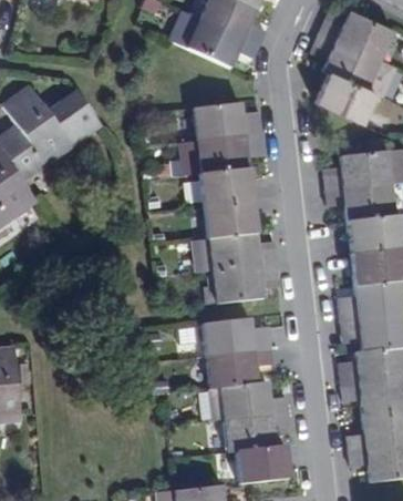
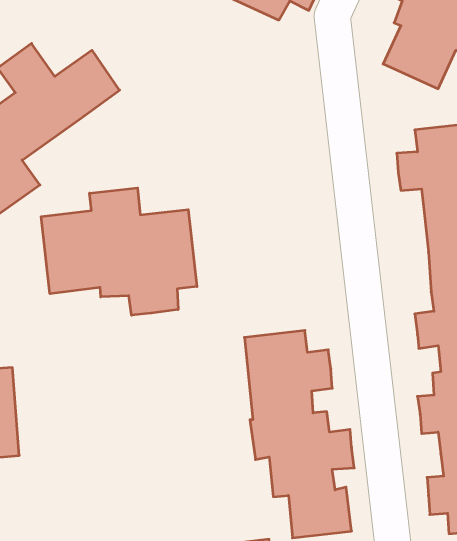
building: [180,102,281,304] -> none
building: none -> [41,188,197,315]

